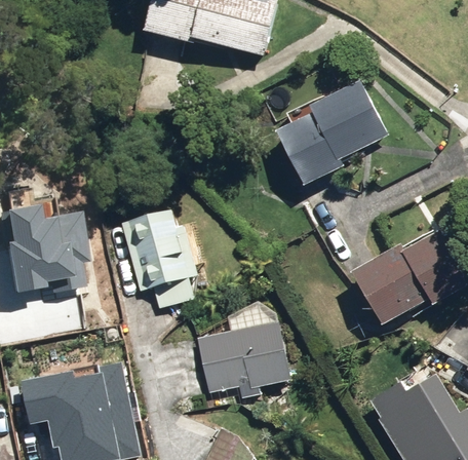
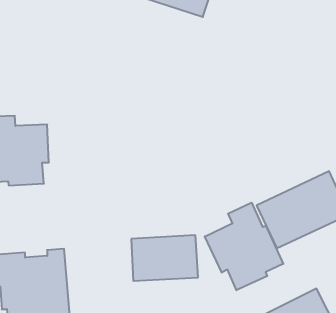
building: [269,82,387,185] -> none
building: [127,214,195,308] -> none
building: none -> [205,203,283,290]

